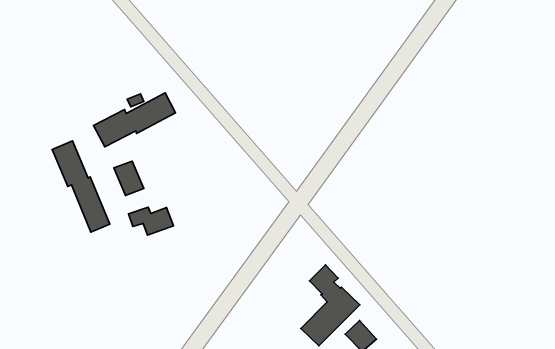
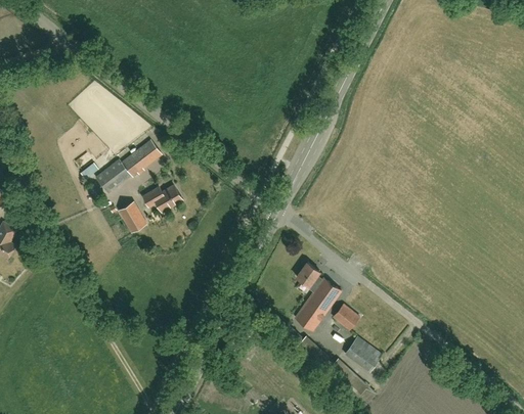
building: [52,141,110,232] -> none
building: [129,207,173,235] -> [142,185,181,211]

